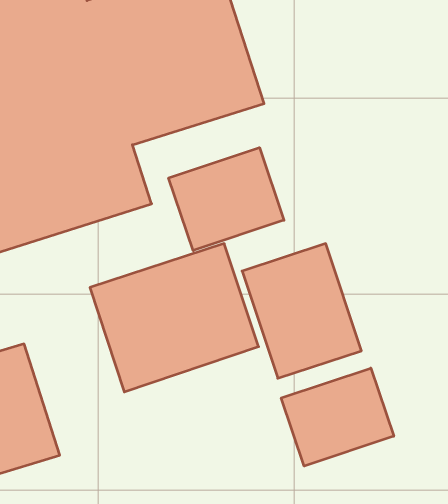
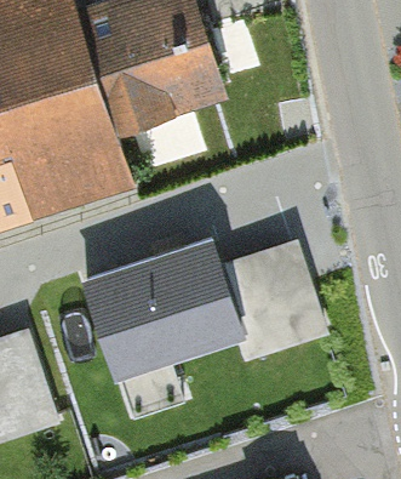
building: [169,148,284,251] -> none
building: [281,368,394,466] -> none

